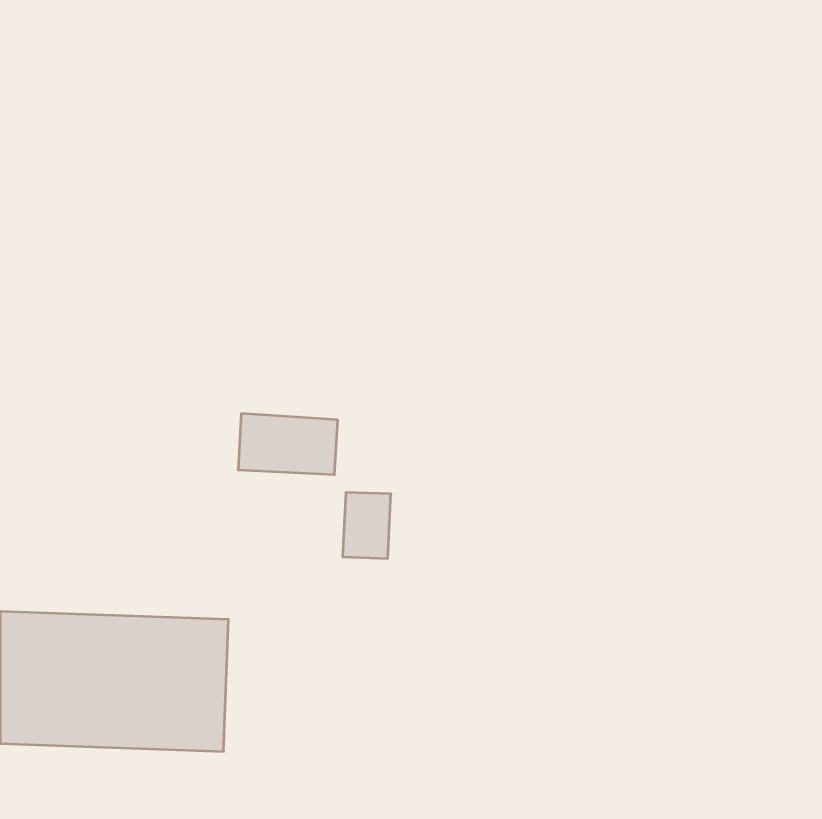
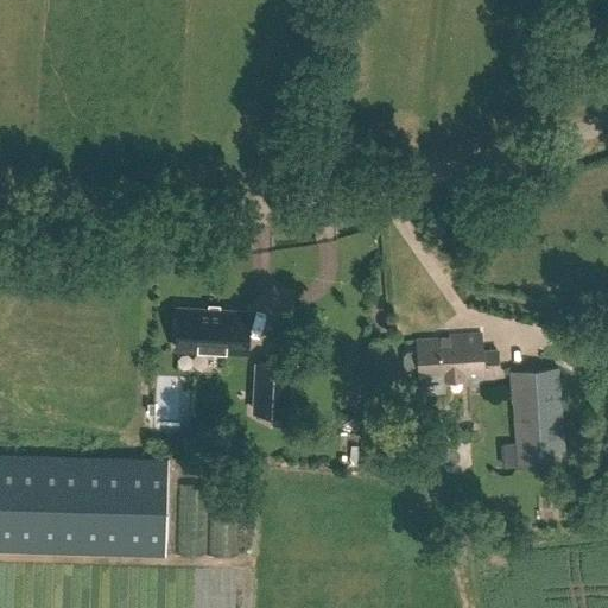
building: none -> [405,336,499,388]
building: none -> [508,368,565,469]

